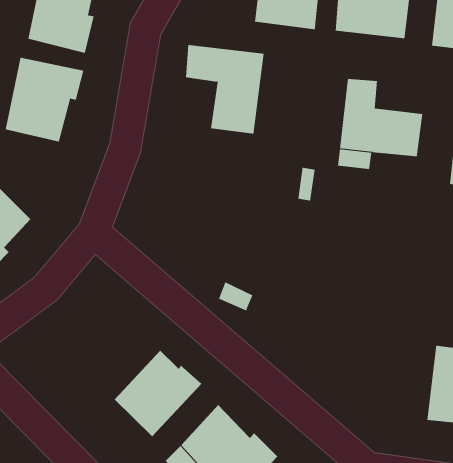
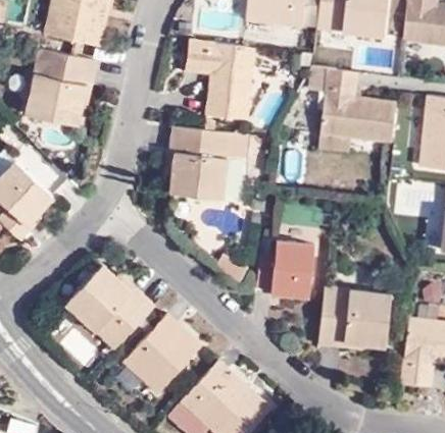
building: none -> [169,127,244,200]
building: none -> [254,240,311,294]
building: none -> [66,263,154,348]
building: none -> [318,282,391,343]

